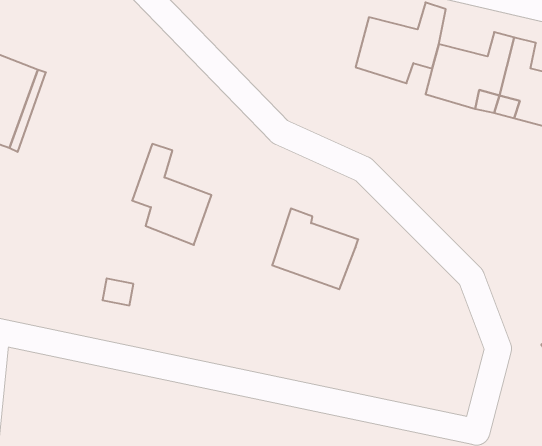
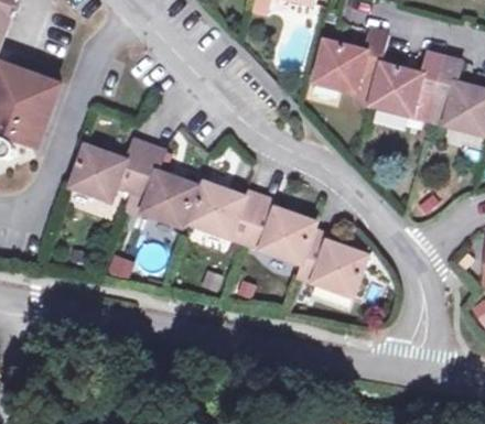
building: none -> [68,138,147,202]
building: none -> [190,183,260,243]
building: none -> [295,229,367,295]

